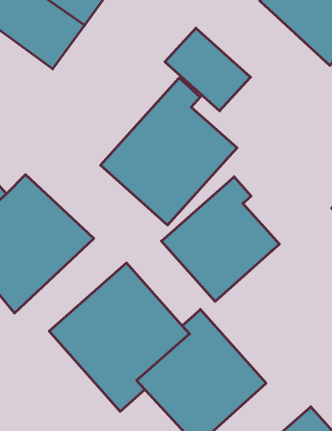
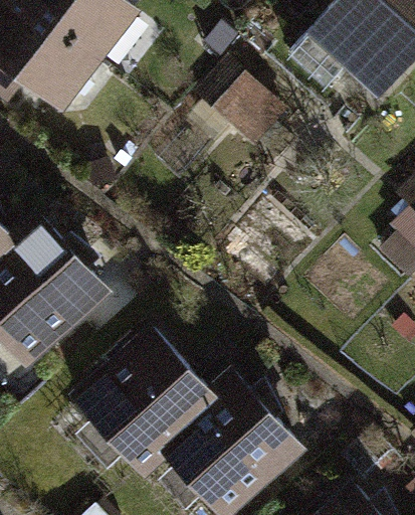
building: [101,78,237,225] -> none
building: [161,177,279,301] -> none

